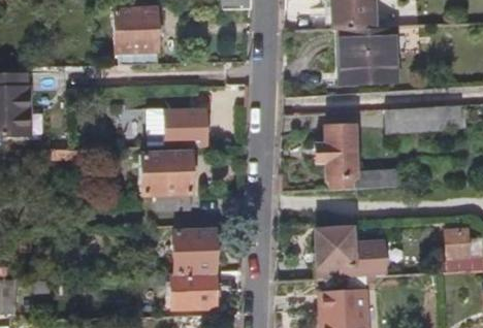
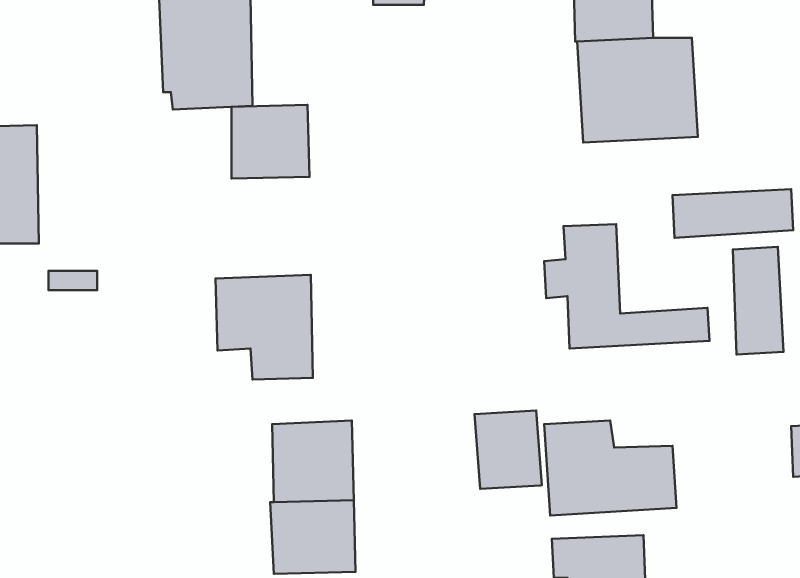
building: [164,108,205,147] -> [232,105,309,179]
building: none -> [733,247,784,354]
building: none -> [475,410,542,489]

